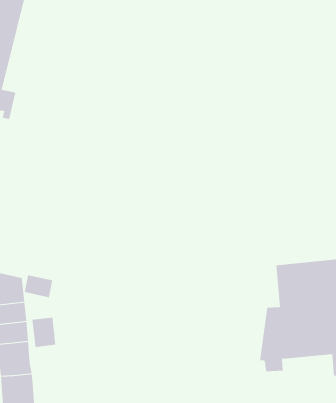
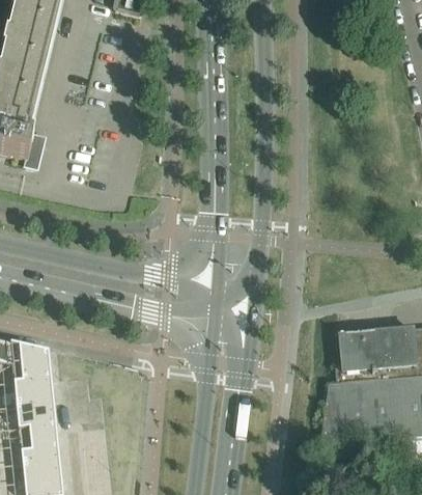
building: [24,274,53,298] -> none
building: [32,317,56,348] -> none

